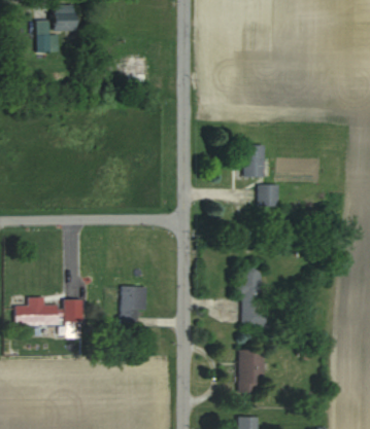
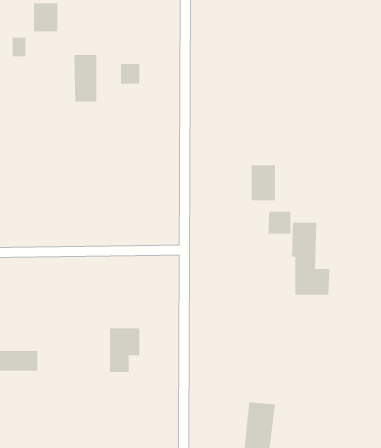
building: none -> [74,54,97,102]
building: [239,264,273,328] -> [291,222,330,296]
building: [64,299,82,323] -> none

